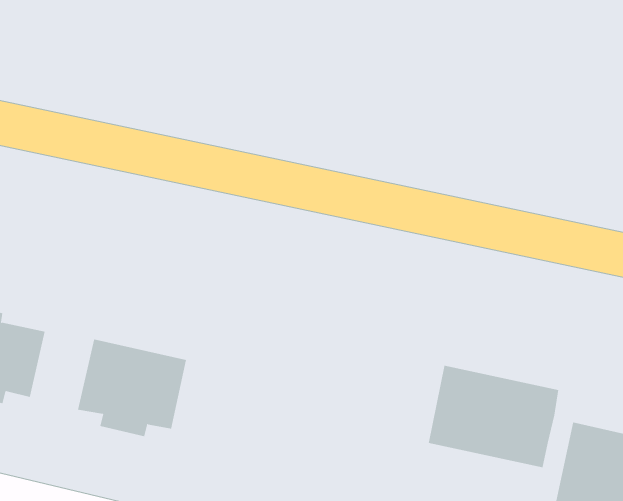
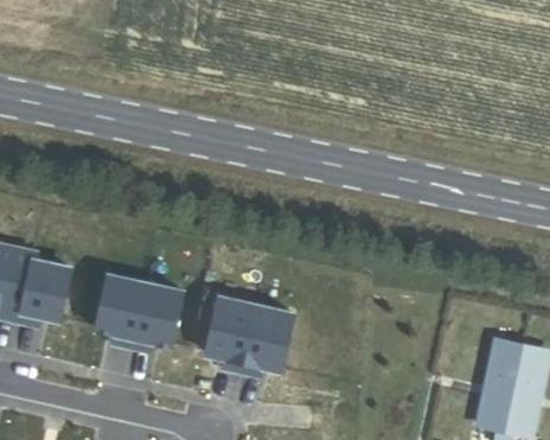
building: [428,365,559,468] -> none
building: none -> [207,296,295,376]

